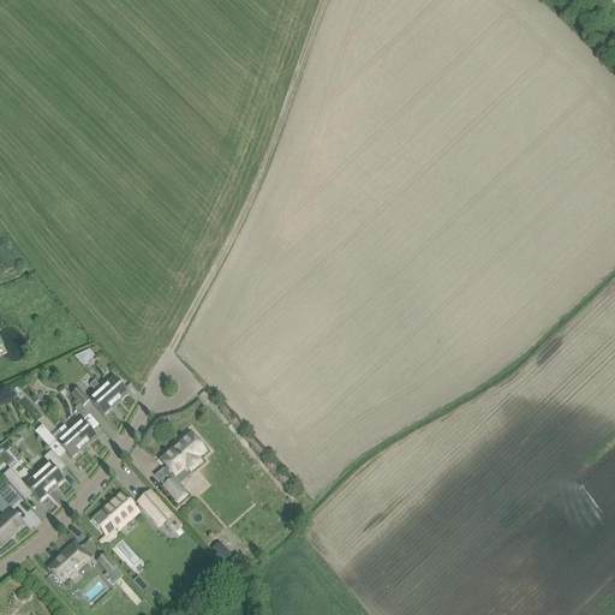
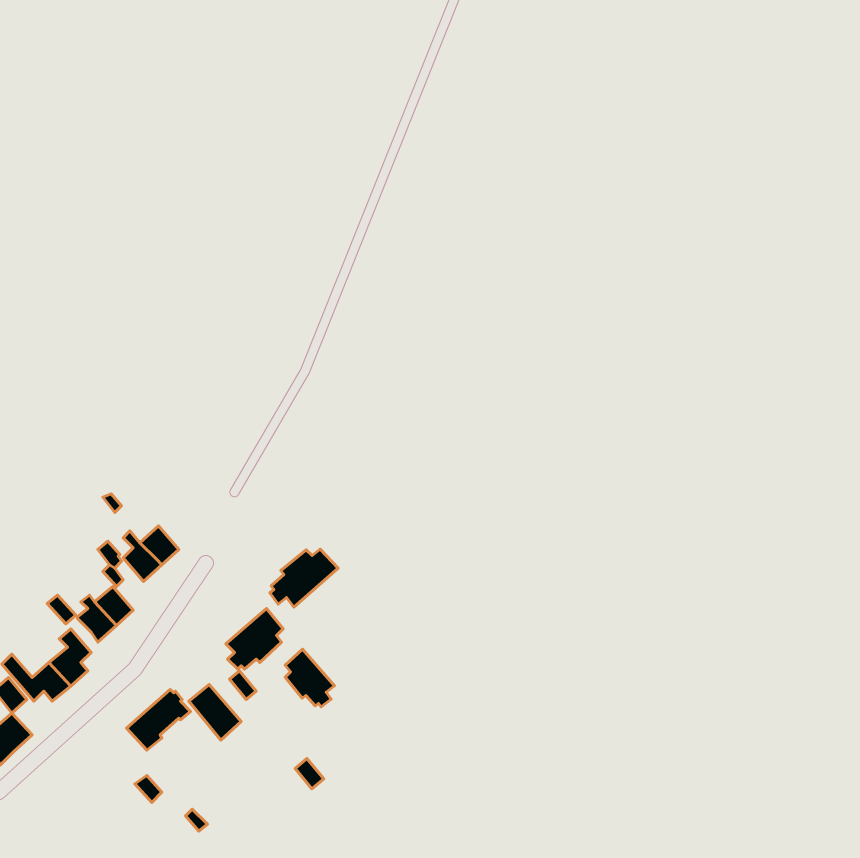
building: none -> [270,549,338,607]
building: none -> [285,649,335,707]
building: [47,539,89,581] -> none

